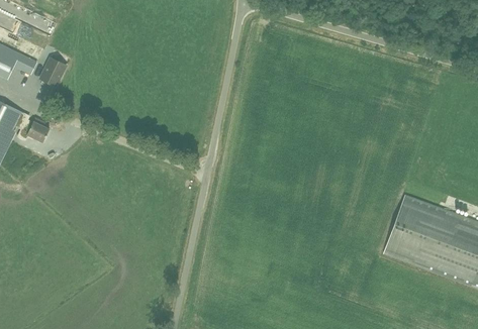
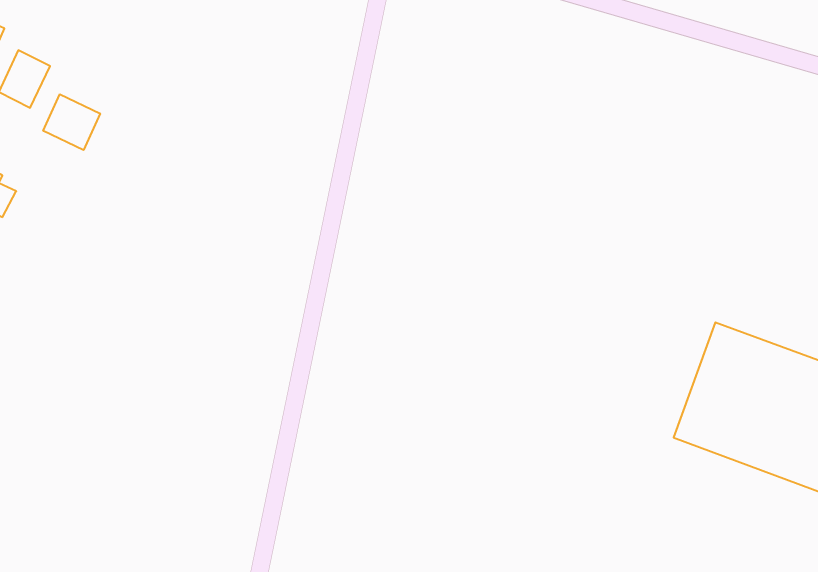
building: none -> [43,94,100,150]

